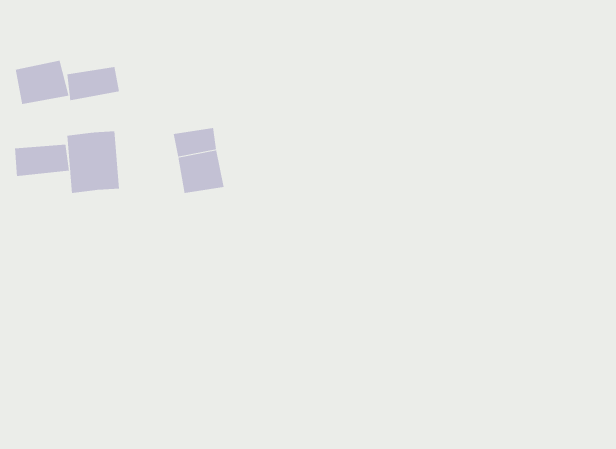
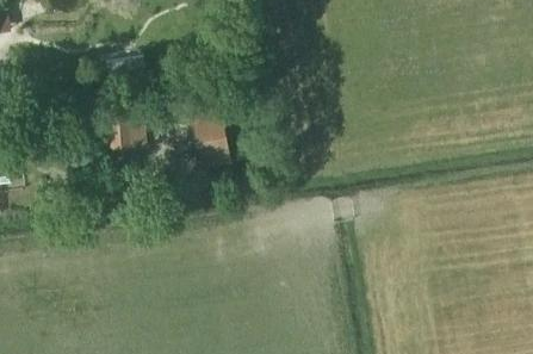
building: [15,60,69,105] -> none
building: [14,144,69,177] -> none

